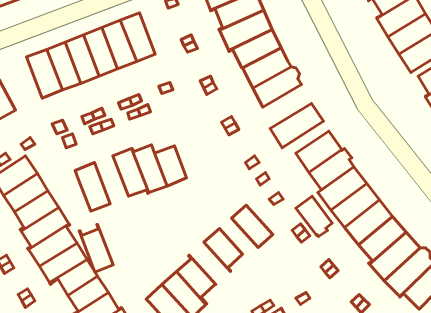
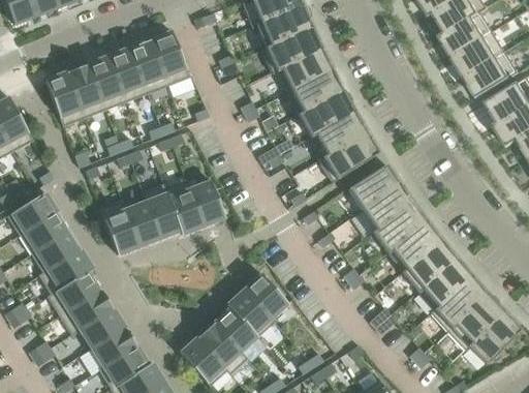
building: none -> [311,112,366,161]
building: [296,196,332,237] -> none
building: [232,205,273,247] -> [228,290,275,337]
building: [79,224,113,272] -> [122,192,160,246]

